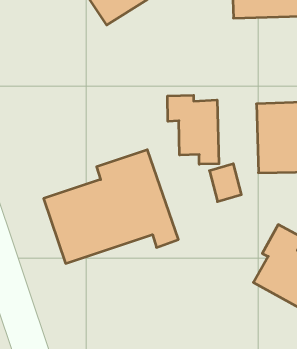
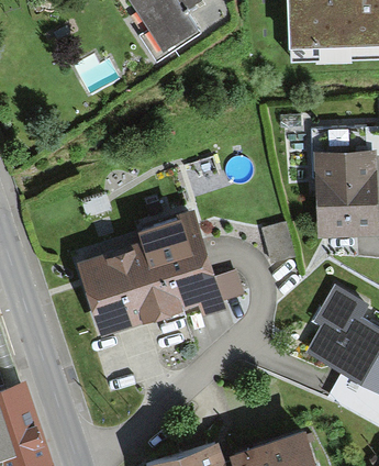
building: [168,95,219,164] -> none

